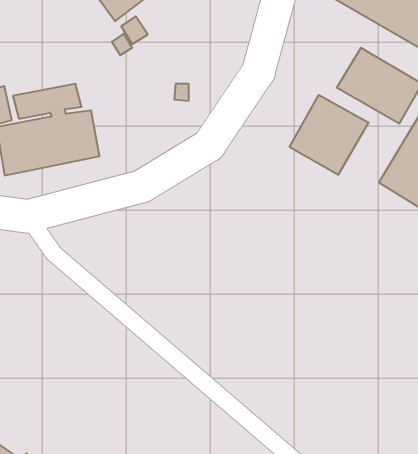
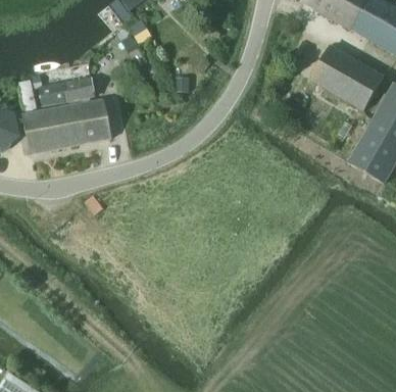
building: [290,95,368,175] -> none

